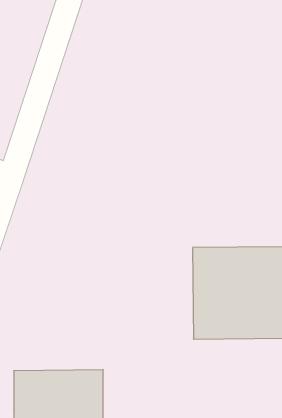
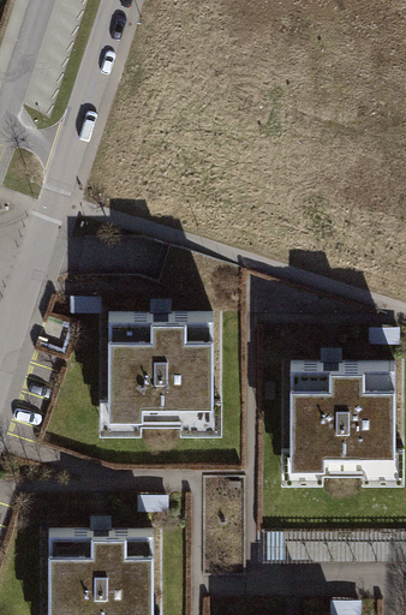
building: none -> [97,315,217,437]

